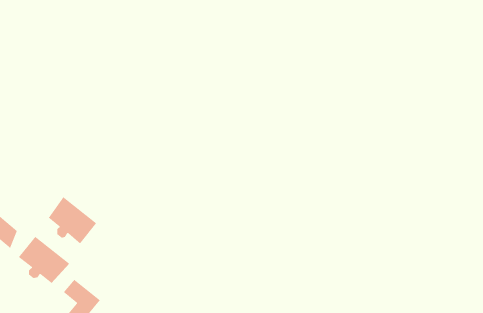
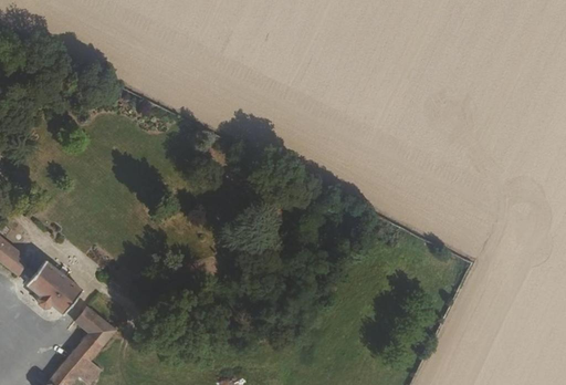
building: [48,196,97,244] -> none

